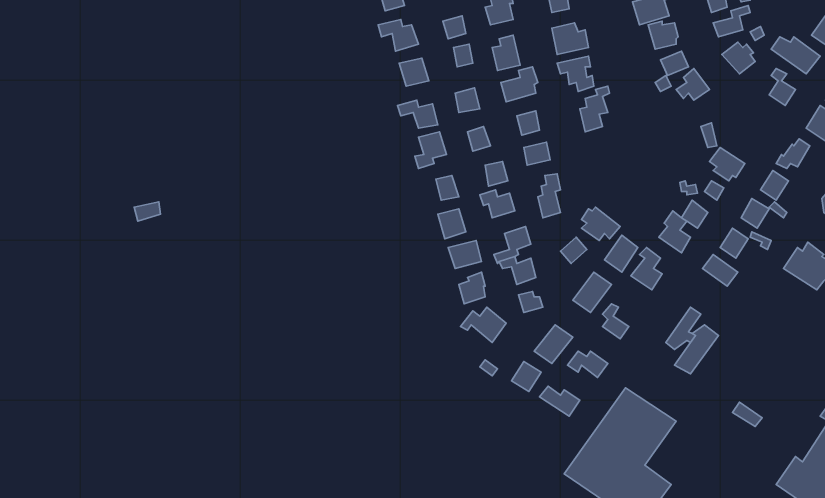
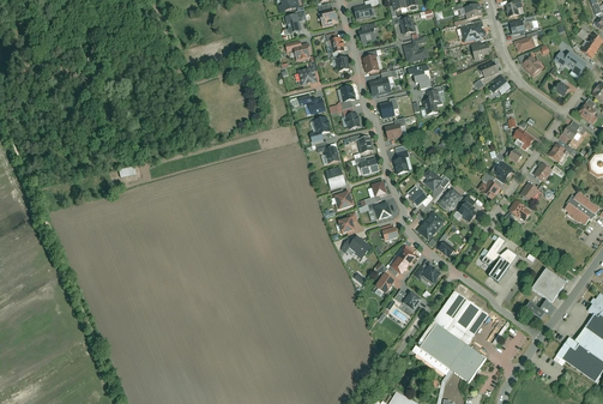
building: none -> [532,270,566,302]

